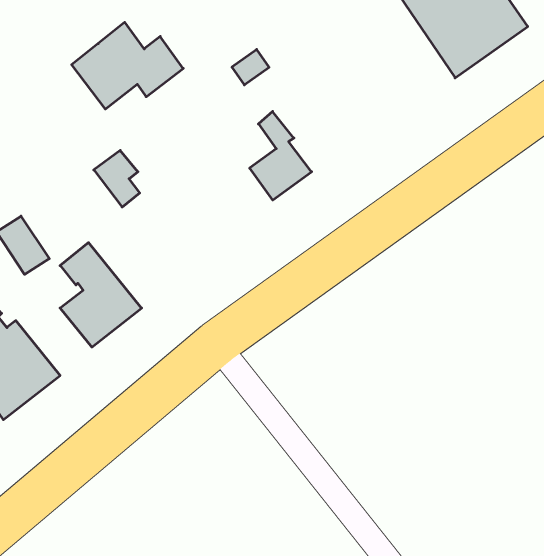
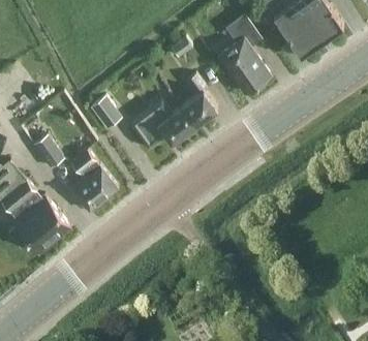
building: none -> [217,12,271,93]
building: [72,22,183,109] -> [129,97,194,148]

